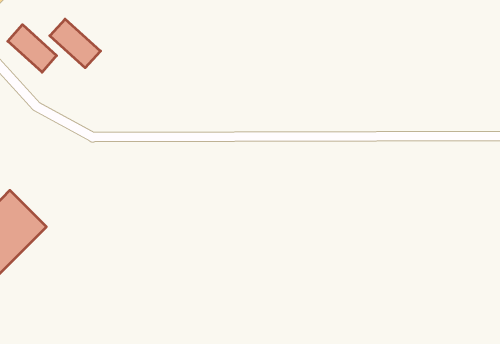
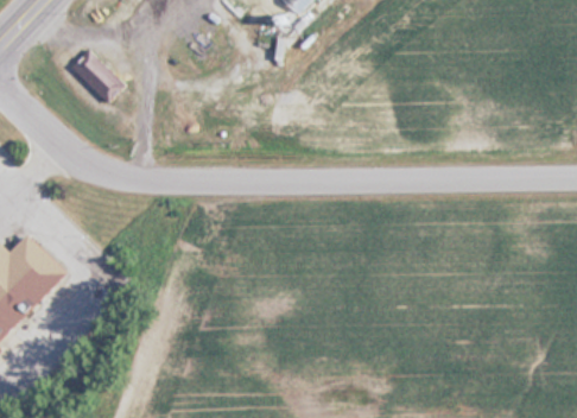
building: [8,25,57,72] -> none

